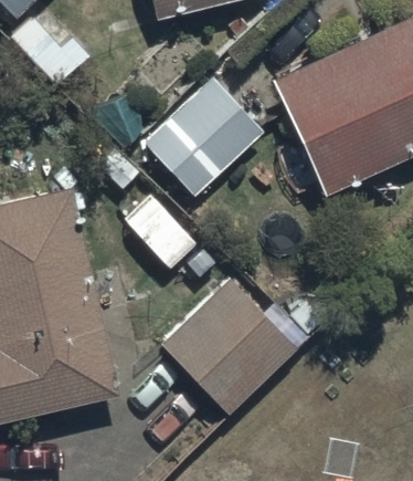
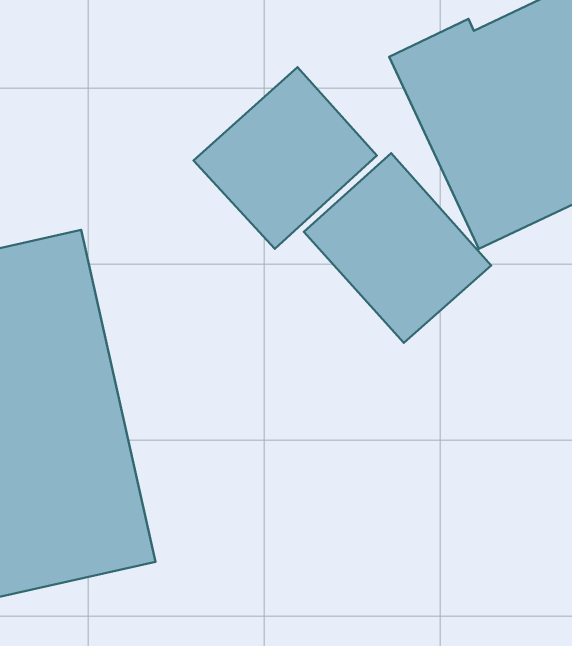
building: none -> [304,153,491,343]
building: [163,278,300,416] -> none

